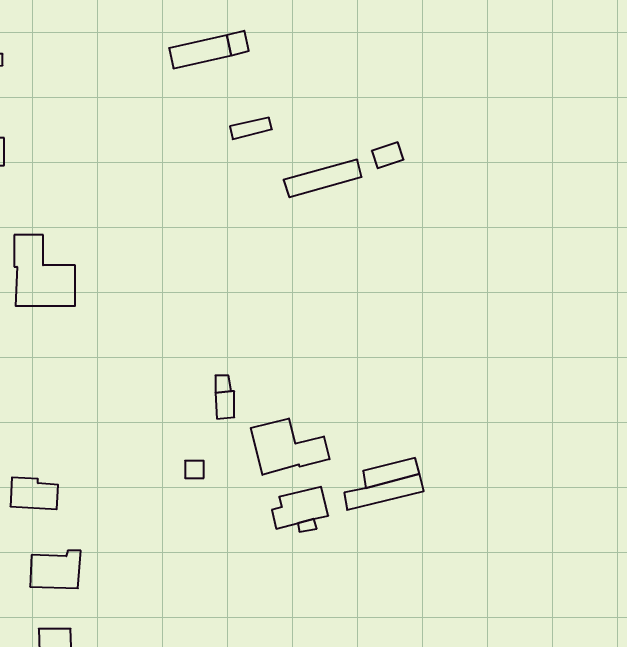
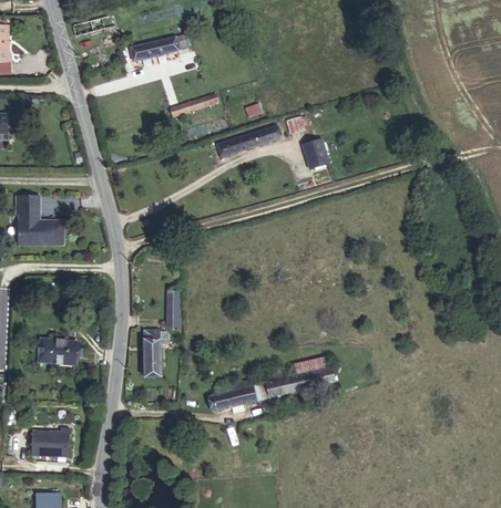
building: none -> [304,144,330,174]
building: [251,418,330,475] -> none
building: none -> [147,332,163,361]
building: [10,477,58,509] -> [37,340,73,364]

